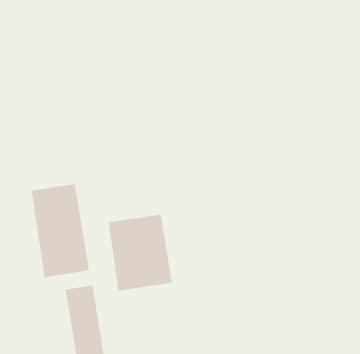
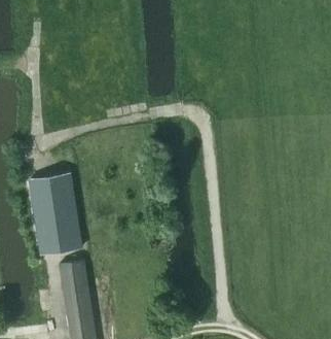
building: [108,214,172,291] -> none

